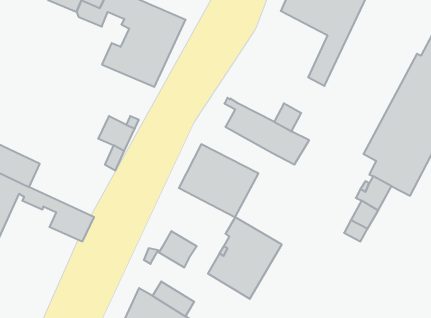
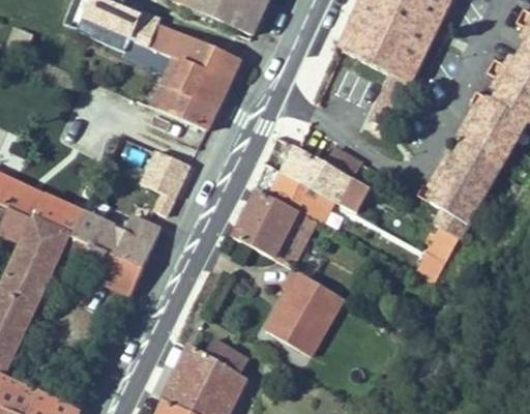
building: none -> [262,168,332,220]
building: none -> [73,211,160,268]
building: [159,231,197,268] -> none

